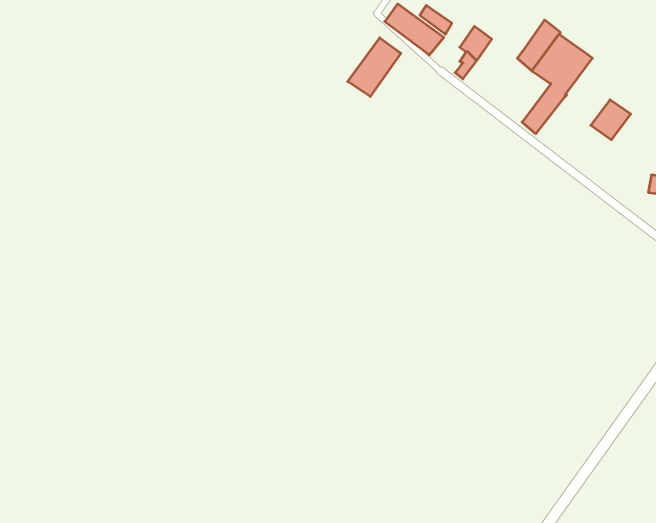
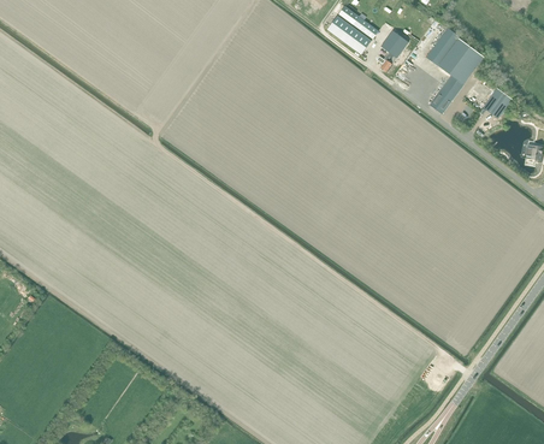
building: [348,38,401,97] -> none

